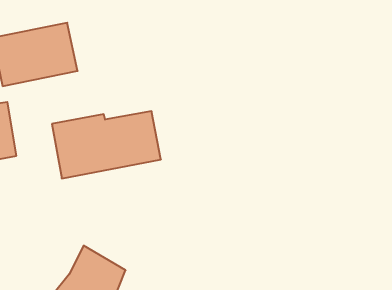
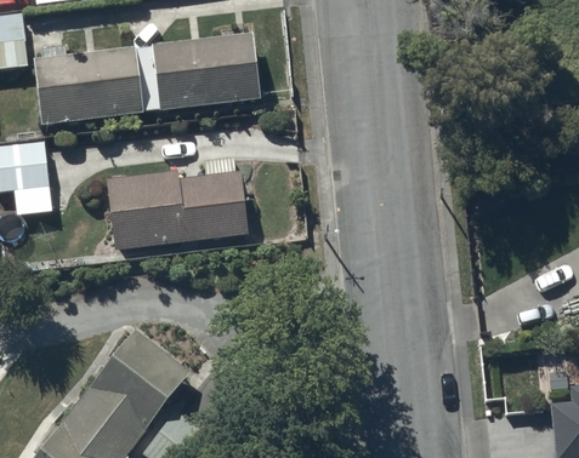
building: none -> [151,30,257,107]

